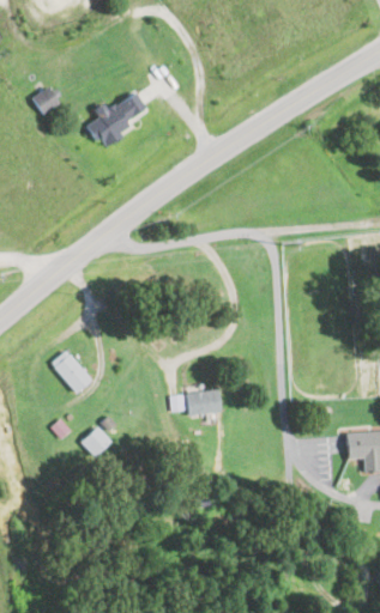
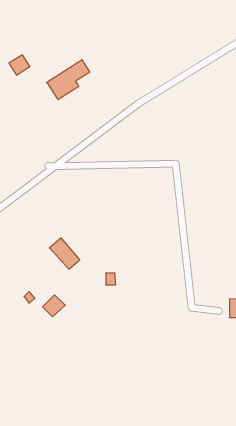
building: [50,347,94,392] -> [49,238,80,269]
building: [188,389,221,413] -> none

